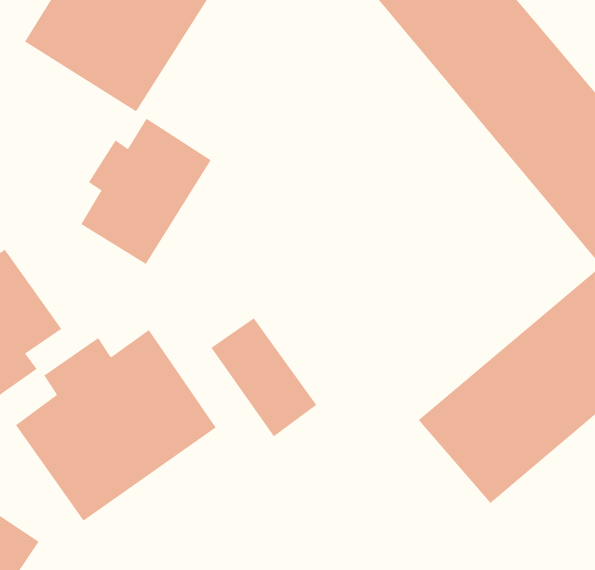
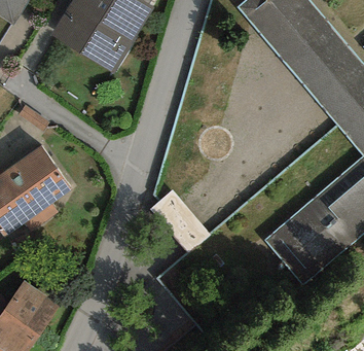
building: [81,118,212,265] -> none
building: [15,329,217,521] -> none

